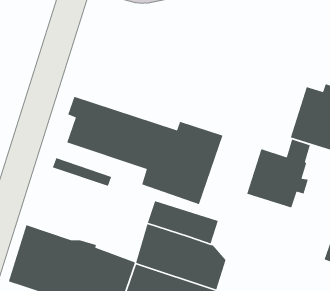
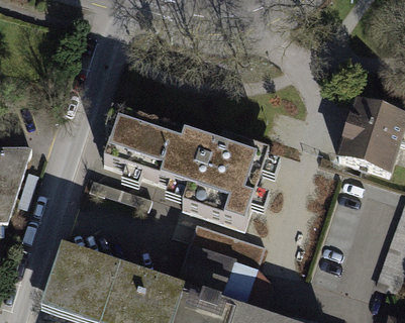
building: [246,139,311,208] -> none

